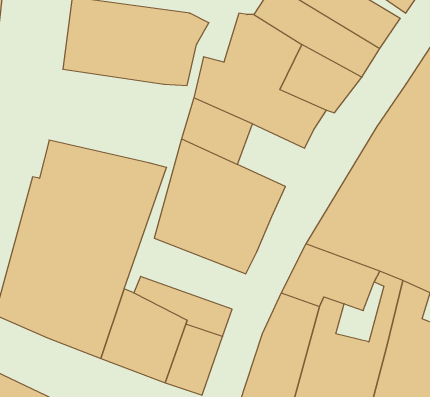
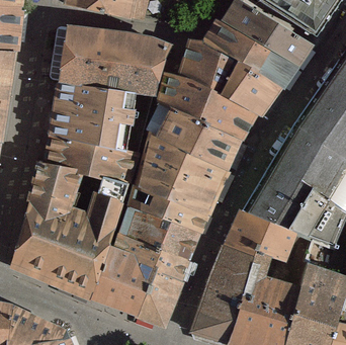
building: none -> [52,82,137,152]
building: none -> [191,122,241,169]
building: none -> [119,207,197,260]

